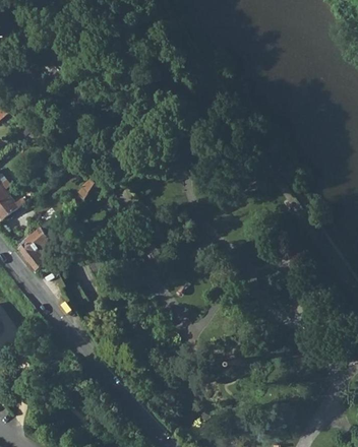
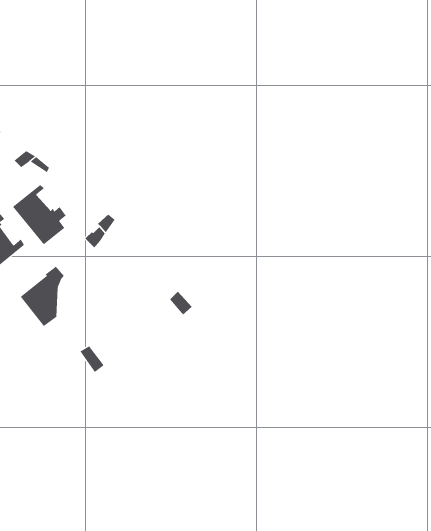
building: none -> [12,184,66,245]

